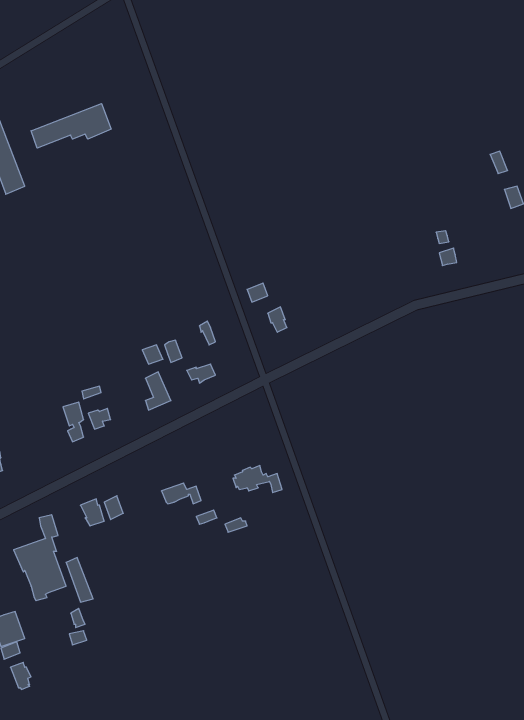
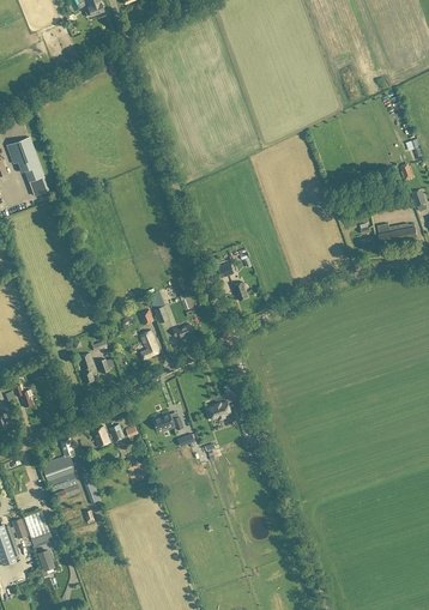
building: [31,104,111,148] -> none
building: none -> [377,223,417,243]

